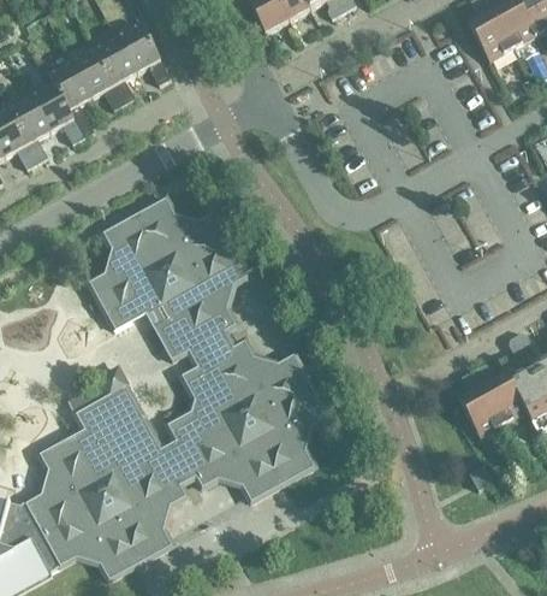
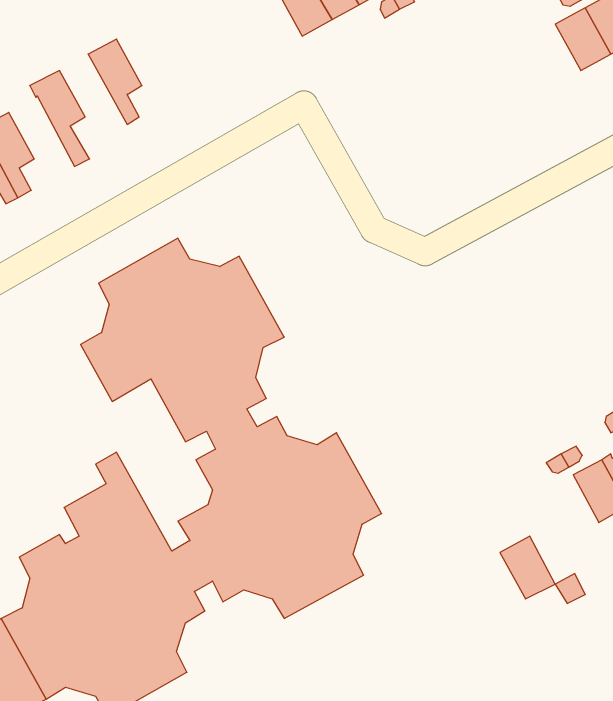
building: [117,22,171,84] -> none
building: [71,47,125,110] -> none
building: [30,81,83,143] -> none
building: [459,385,504,436] -> [500,536,555,599]

